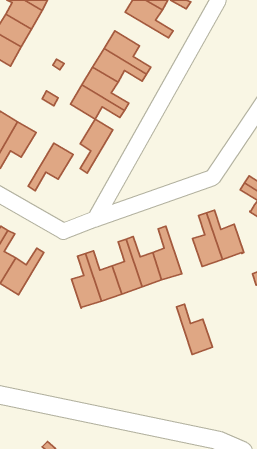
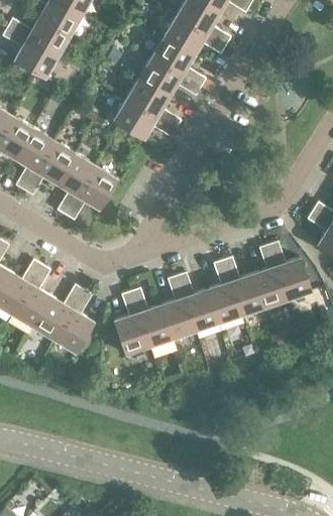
building: none -> [163,16,225,54]
building: [80,119,113,173] -> [57,153,94,215]
building: none -> [53,290,93,352]
building: [176,304,213,354] -> [222,257,263,314]

